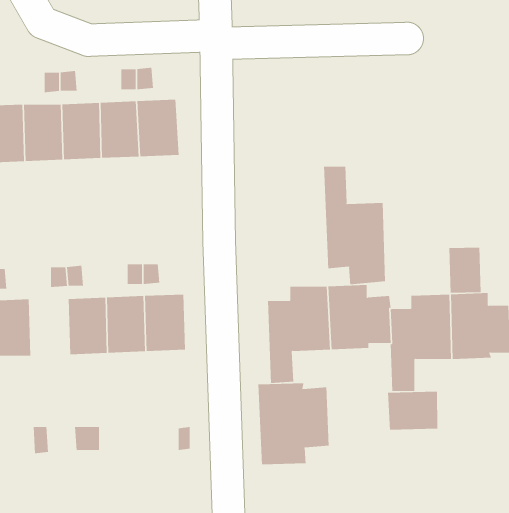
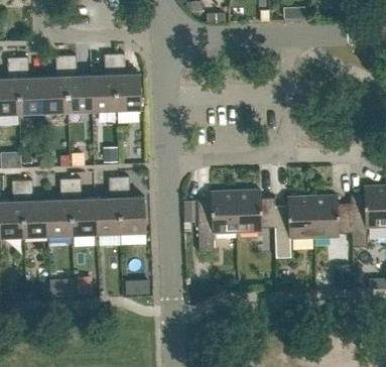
building: [324,166,386,285] -> none
building: [449,247,481,293] -> none
building: none -> [46,200,72,236]
building: [258,382,329,465] -> none
building: [387,391,438,430] -> none

